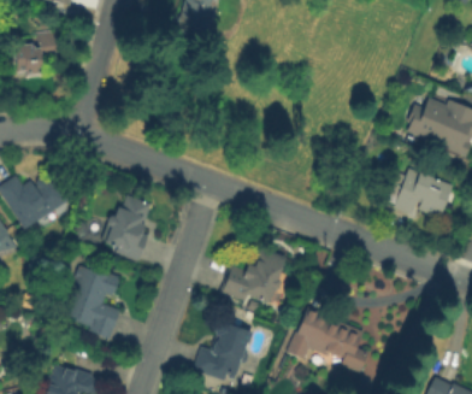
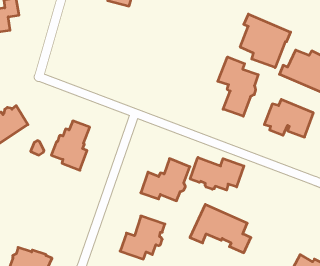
building: none -> [240,14,291,68]
building: none -> [218,57,258,116]
building: none -> [190,157,244,190]
building: [63,265,120,339] -> none

